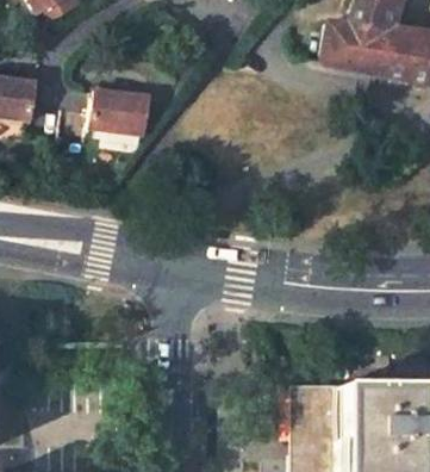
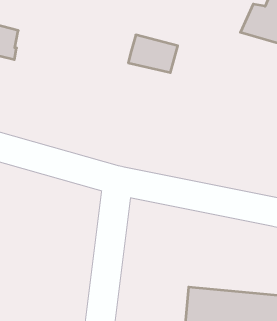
building: [88,92,150,136] -> [128,35,178,73]

